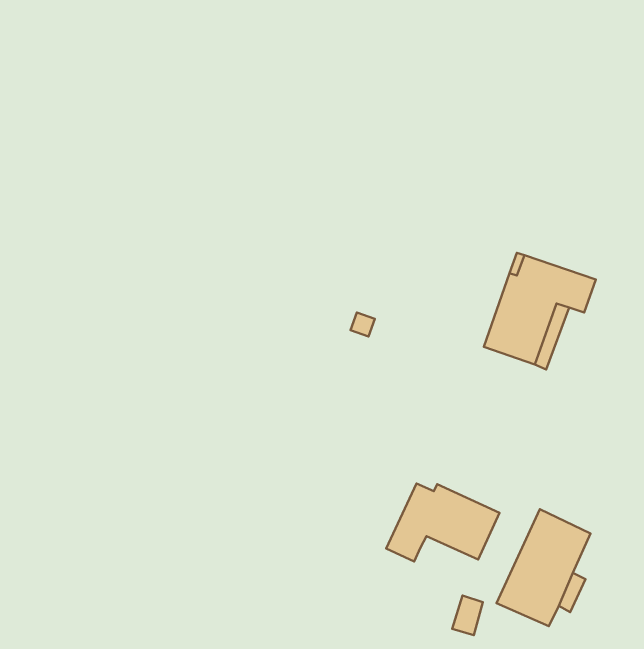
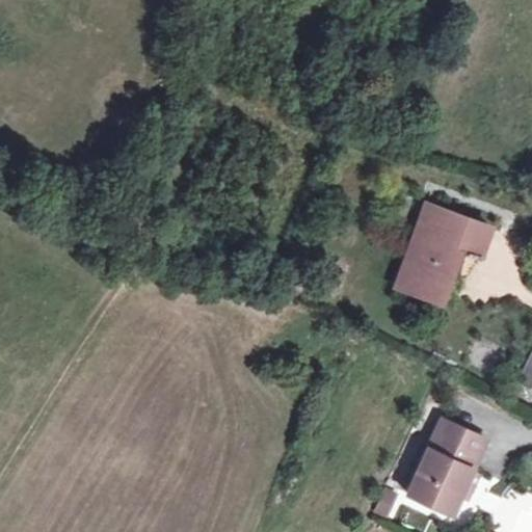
building: [386,484,499,561] -> none

